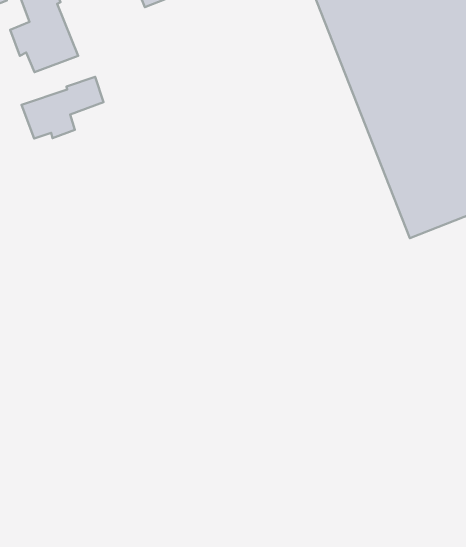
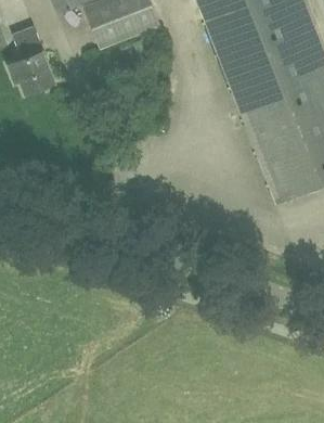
building: [22,77,104,138] -> none

